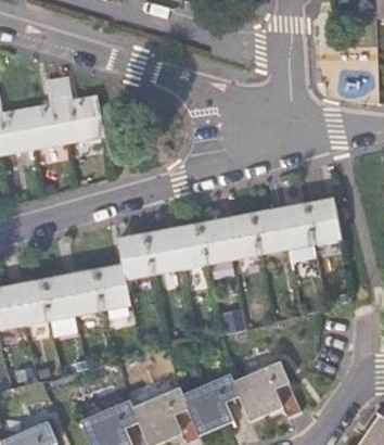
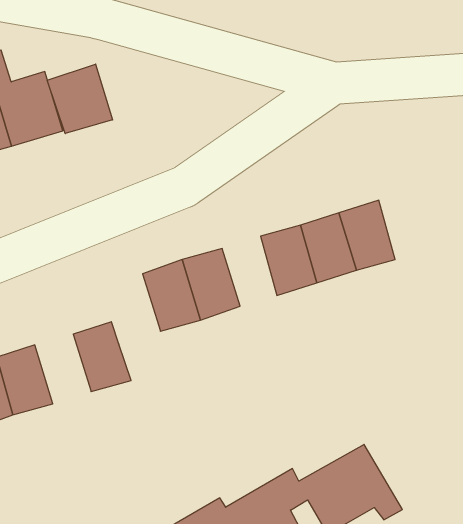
building: none -> [47,64,113,134]
building: [306,200,340,244] -> none
building: [200,219,232,264] -> none
building: [118,236,153,280] -> none
building: [69,270,103,315] -> none

